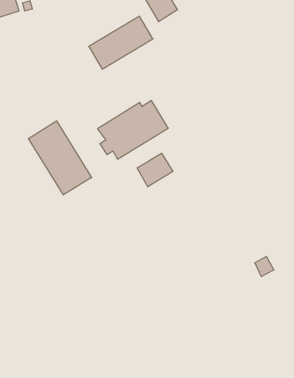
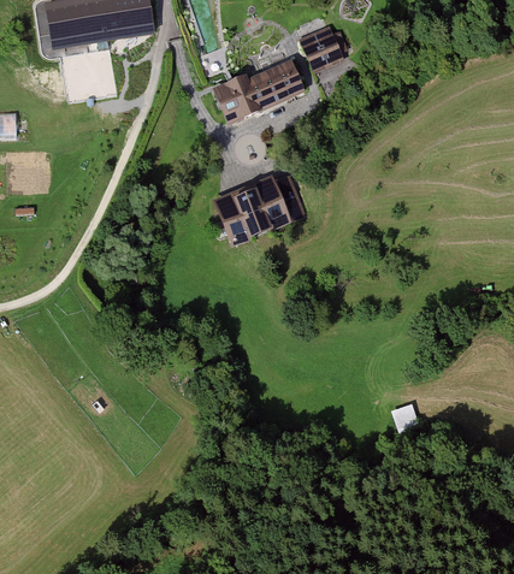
building: [29,121,92,195] -> none
building: [137,153,173,187] -> none

